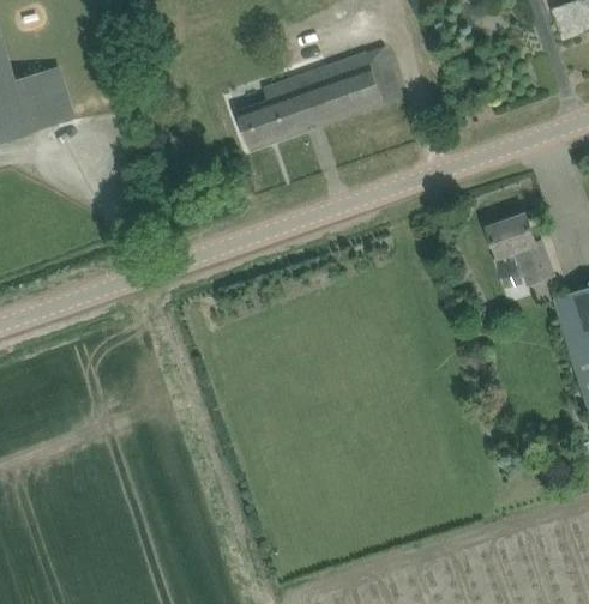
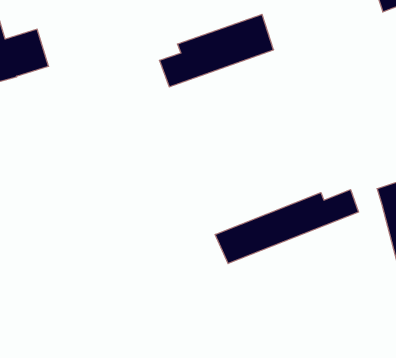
building: [487,213,554,283] -> none
building: none -> [215,190,359,264]

